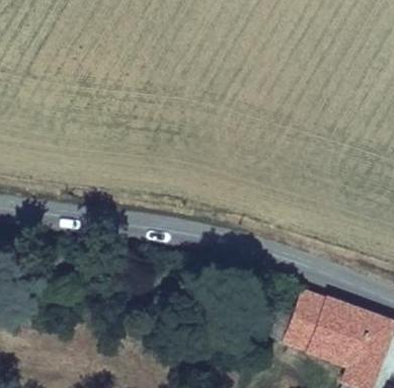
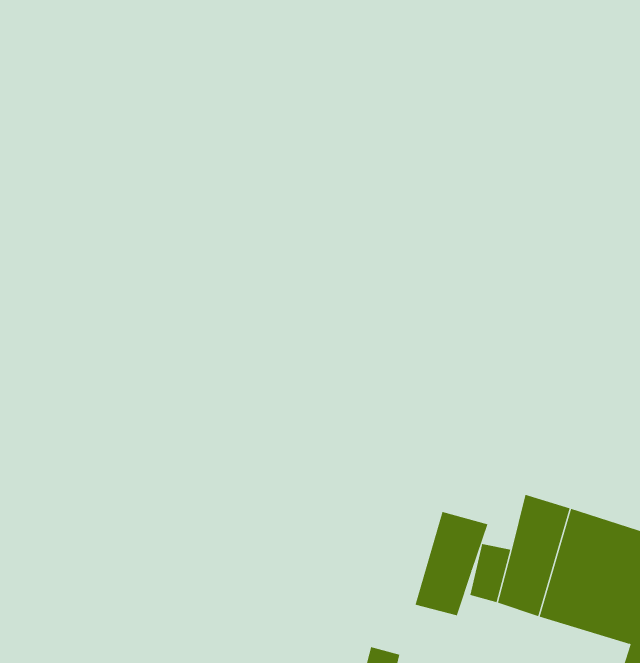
building: none -> [415,511,488,616]

